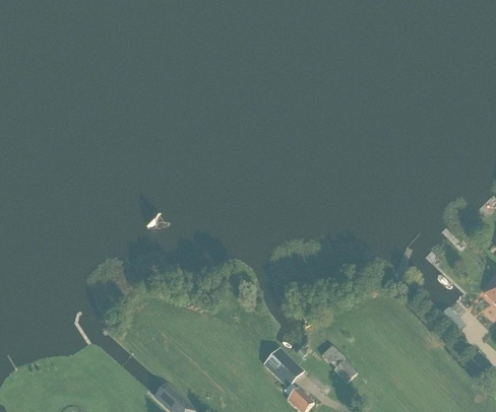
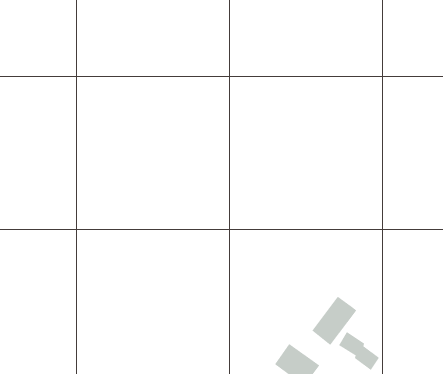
building: none -> [312,296,357,346]

